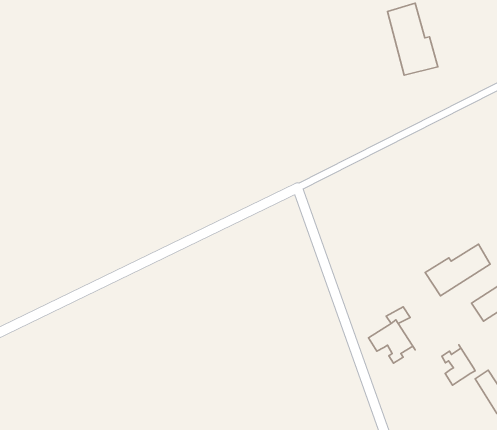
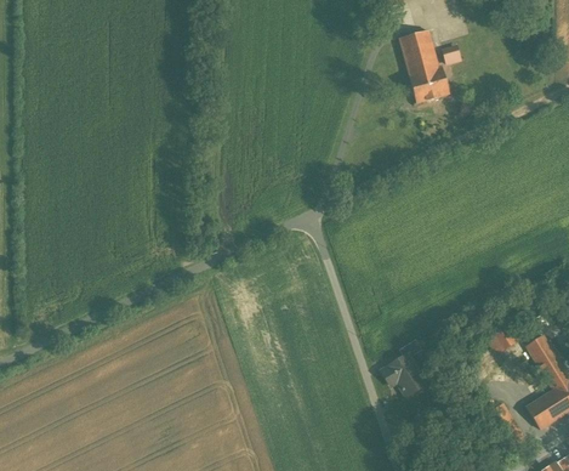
building: [425,244,490,296] -> none
building: [442,345,475,385] -> none

